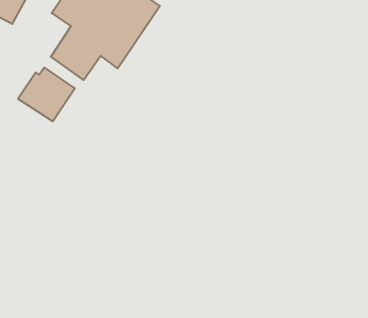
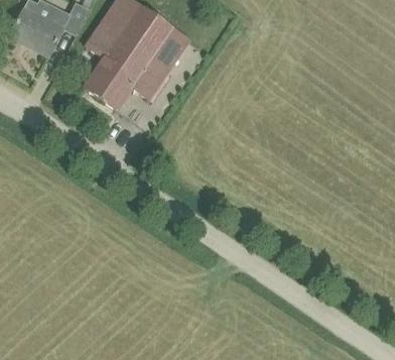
building: [18,68,75,121] -> none

